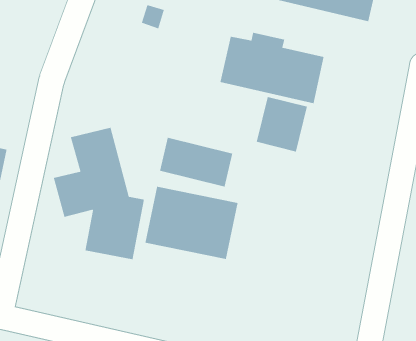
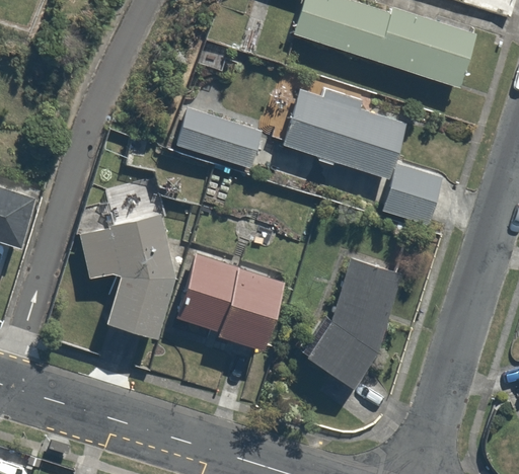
building: [256,96,308,152] -> [380,162,444,230]
building: [159,137,233,187] -> [174,105,262,170]
building: none -> [299,259,399,387]

